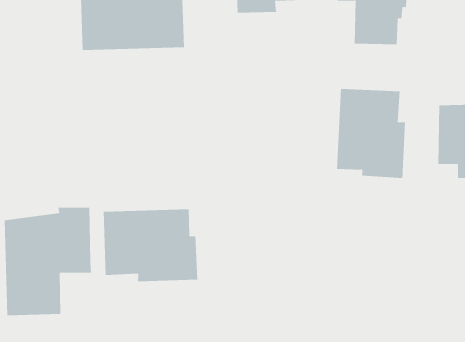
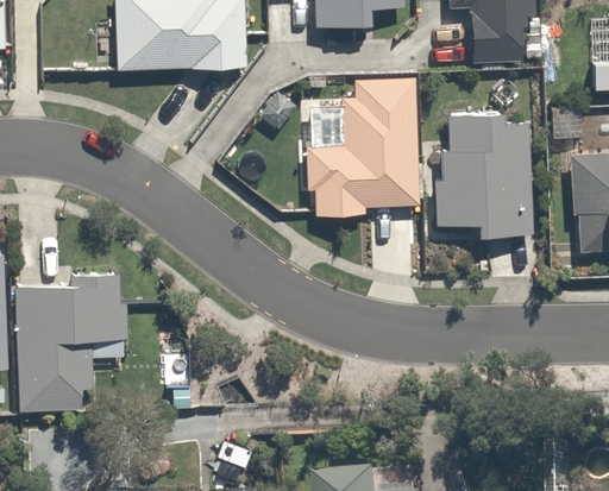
building: none -> [307,81,421,215]
building: [103,209,198,282] -> none

